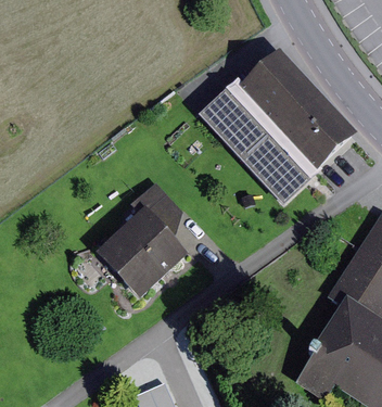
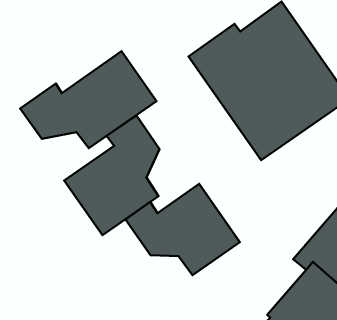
building: none -> [20,51,156,148]
building: none -> [125,184,240,275]

